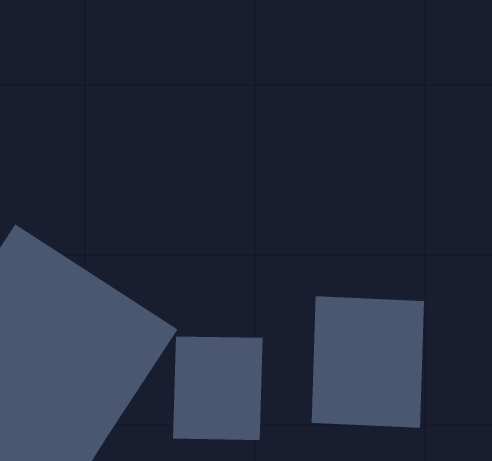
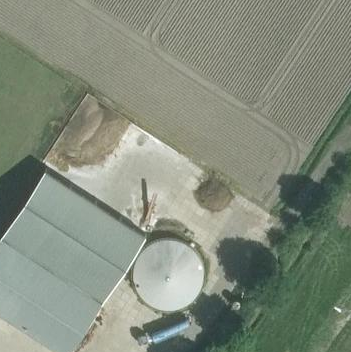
building: [311,296,425,428] -> none

